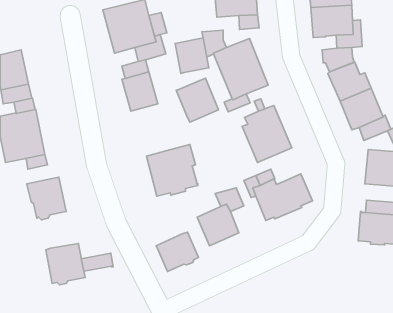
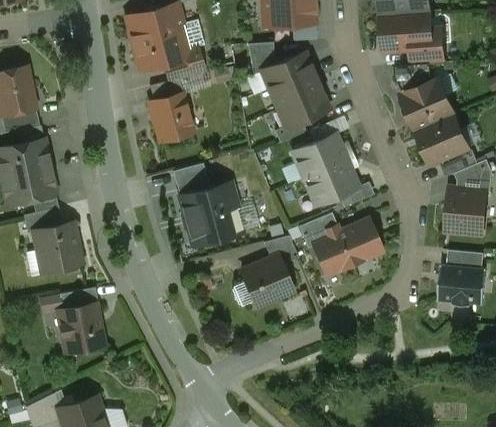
building: [175,38,209,73] -> none
building: [176,78,219,122] -> none
building: none -> [173,164,209,197]
building: none -> [23,208,62,234]
building: [156,232,198,272] -> none
building: [81,253,113,271] -> [59,288,98,310]

